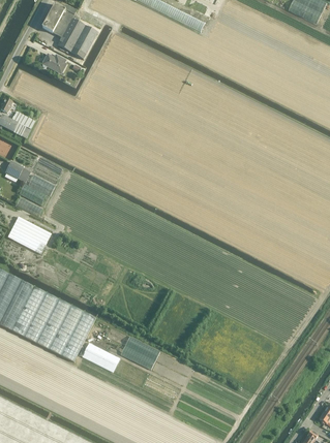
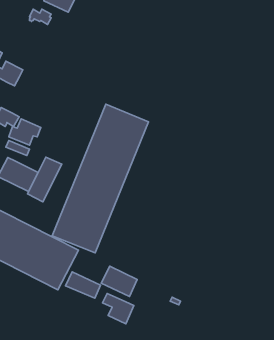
building: none -> [52,104,148,253]
building: none -> [27,157,62,202]
building: none -> [102,294,134,324]

